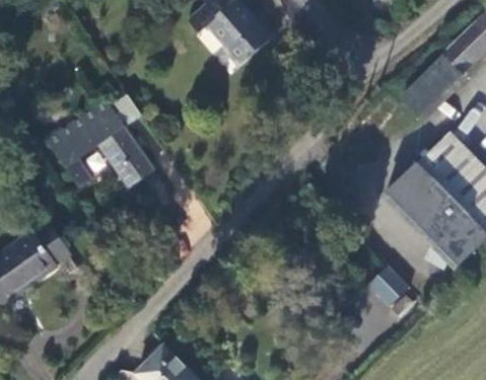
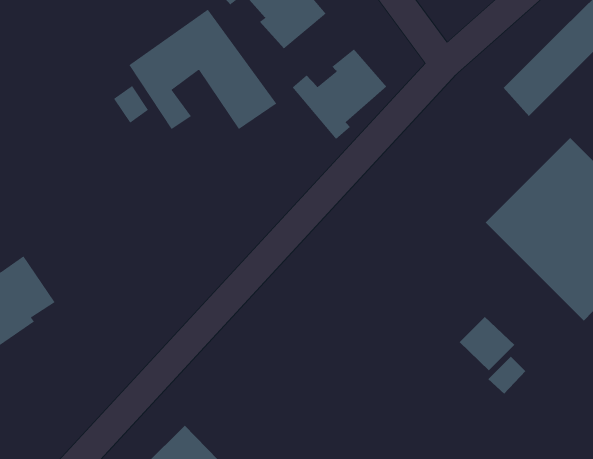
building: none -> [292,49,387,140]
building: [46,97,155,186] -> [128,9,277,130]

